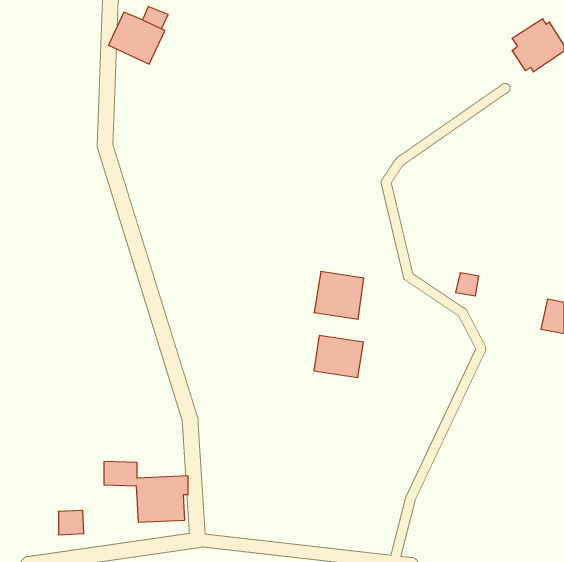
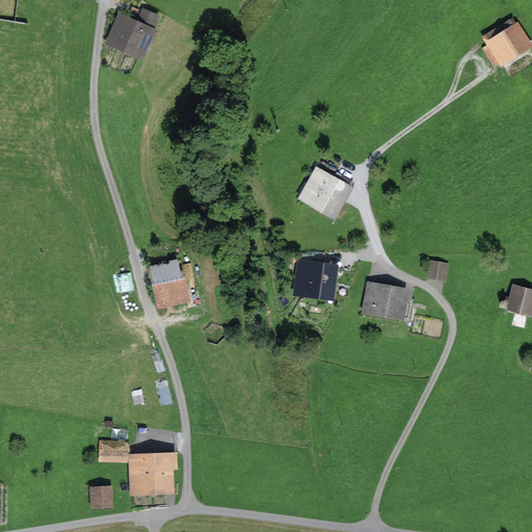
building: none -> [295,166,352,222]
building: none -> [144,258,188,309]
building: [314,335,364,377] -> [364,282,410,321]
building: [58,510,84,535] -> [92,485,116,508]

